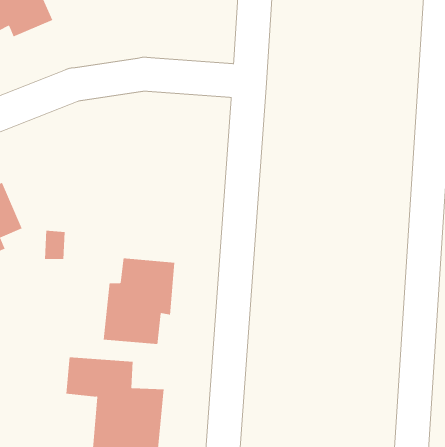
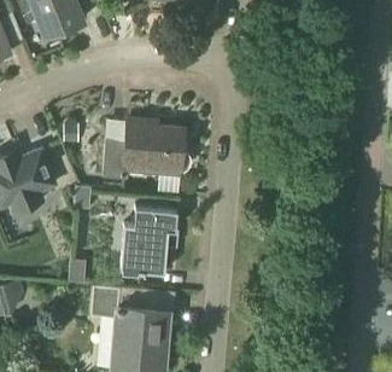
building: none -> [104,121,192,180]

